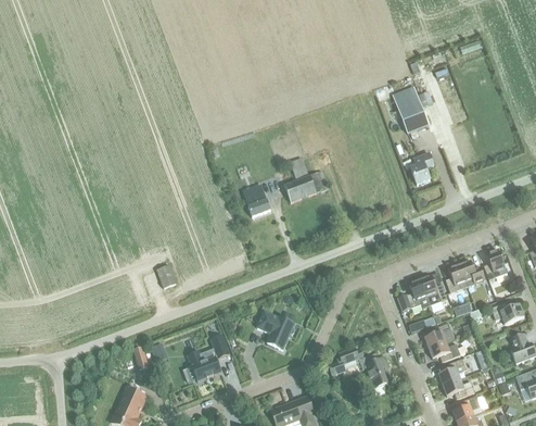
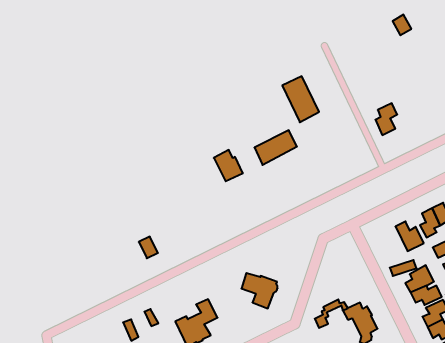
building: [393,87,427,134] -> [282,76,319,122]
building: [397,279,430,311] -> none

